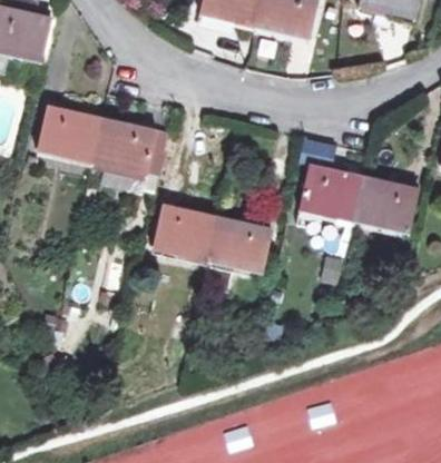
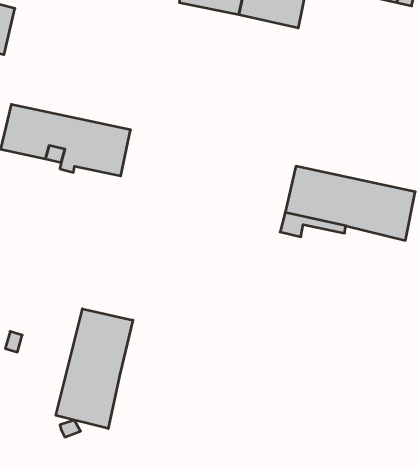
building: [153,205,271,292] -> none
building: none -> [56,309,133,429]

